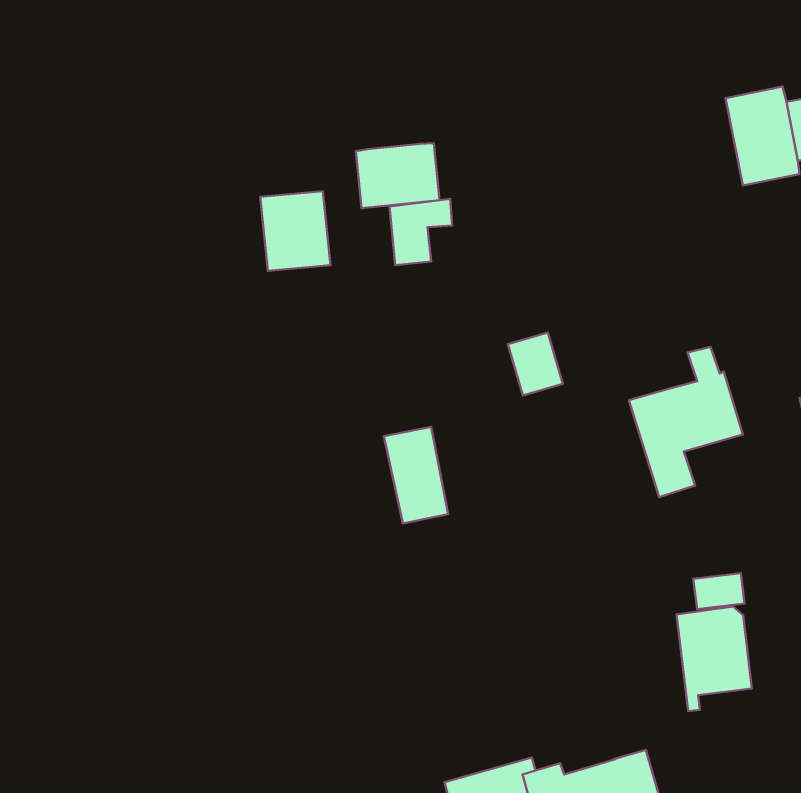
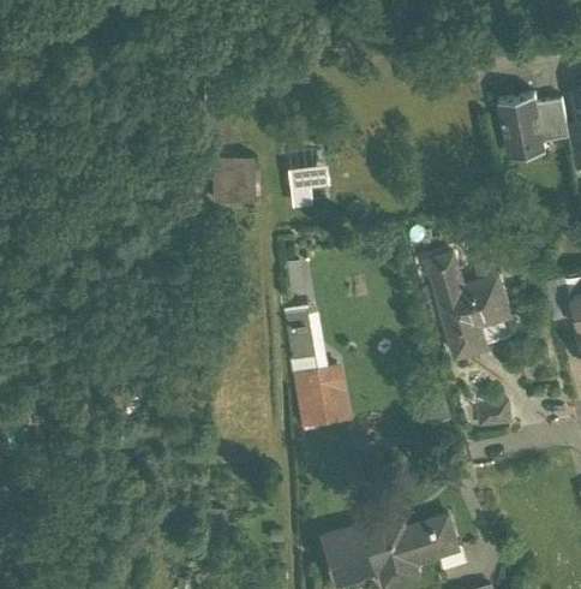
building: [356,143,439,208] -> none
building: [508,333,563,395] -> [429,254,463,293]
building: none -> [295,365,347,426]
building: [677,607,752,711] -> none

